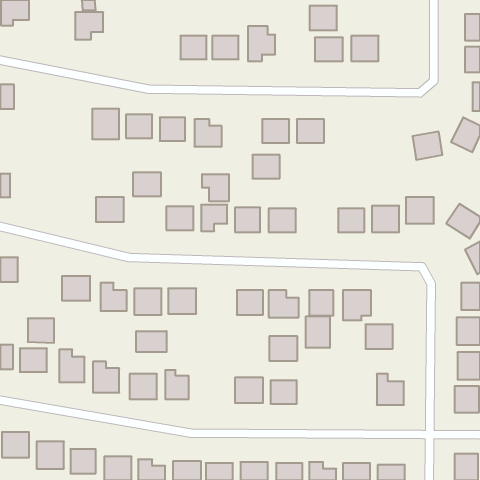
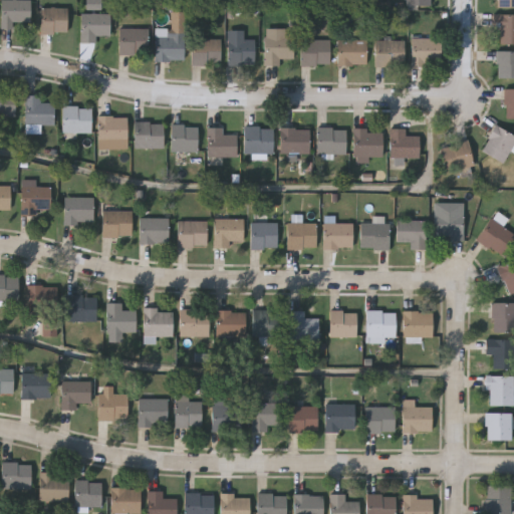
building: [310,6,337,30] -> [301,39,330,65]
building: none -> [41,7,67,32]
building: none -> [156,12,185,59]
building: none -> [119,27,149,54]
building: none -> [412,38,442,65]
building: none -> [25,95,54,125]
building: none -> [63,106,92,134]
building: none -> [353,130,382,157]
building: none -> [390,130,420,157]
building: [252,155,280,178] -> [244,127,273,153]
building: none -> [22,180,50,215]
building: [133,173,161,196] -> [139,217,169,242]
building: [202,174,229,201] -> none
building: none -> [64,198,93,223]
building: none -> [323,223,353,248]
building: none -> [216,310,245,335]
building: [306,316,330,348] -> none
building: [28,318,54,343] -> [29,285,57,311]
building: [365,324,393,349] -> [404,311,433,337]
building: [136,331,167,352] -> none
building: [269,336,297,361] -> [325,405,355,431]
building: none -> [213,398,244,431]
building: none -> [366,408,395,433]

